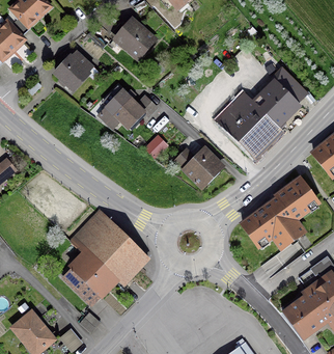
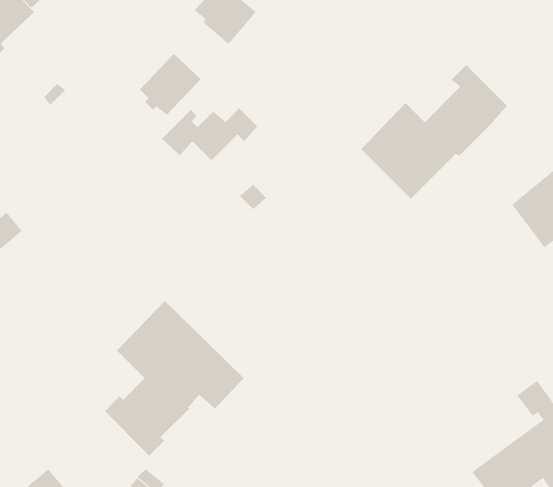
building: [56,51,93,88] -> [139,53,202,116]
building: [174,148,222,186] -> none
building: [238,179,317,249] -> none

